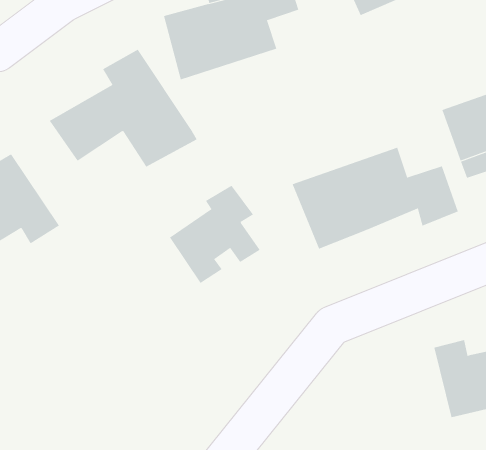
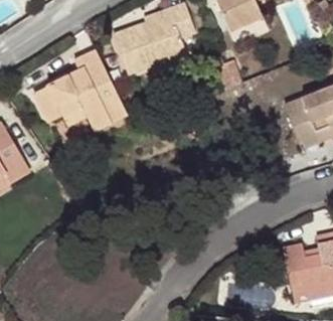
building: [292,147,459,249] -> none
building: [169,185,261,284] -> none

